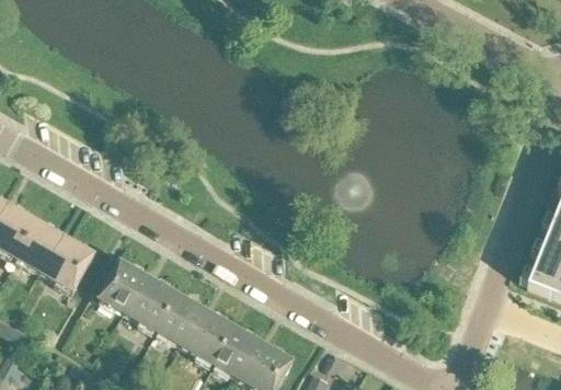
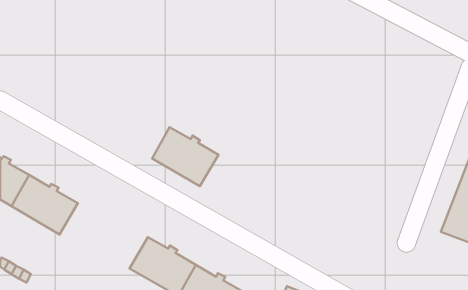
building: [99,261,178,331] -> [152,127,218,186]

